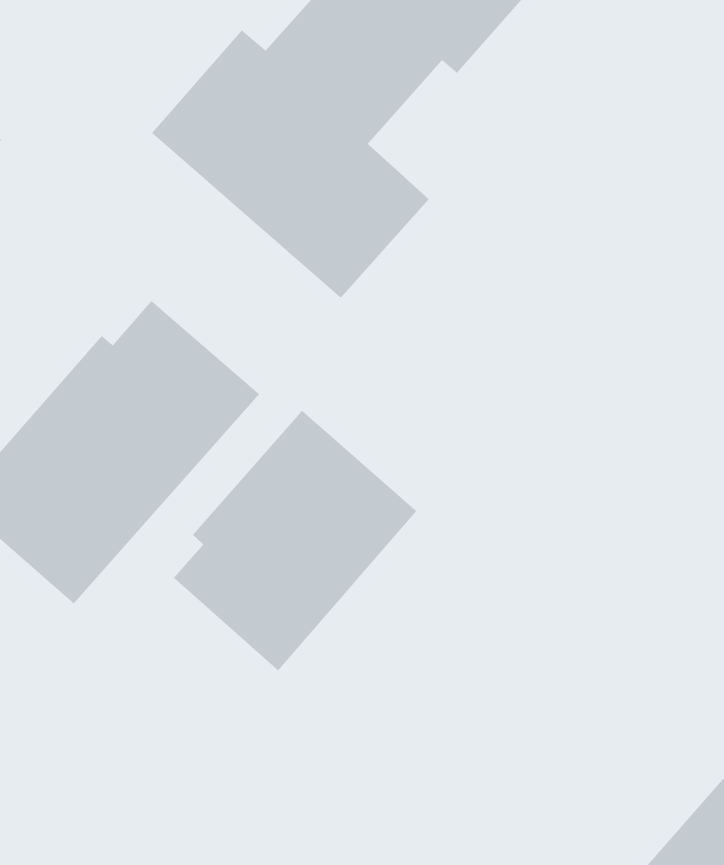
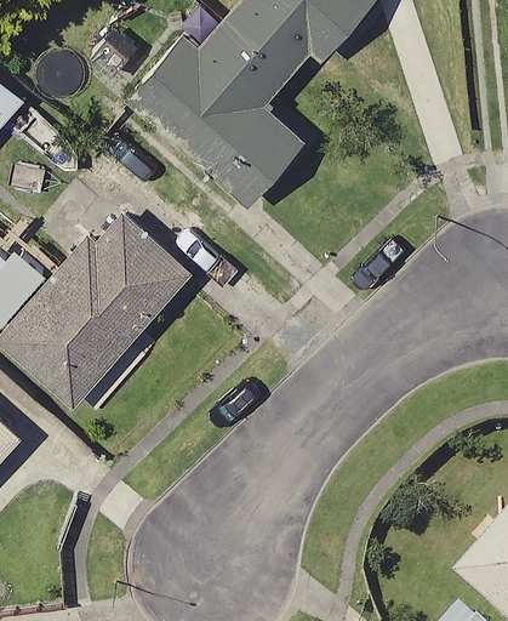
building: [173,410,417,671] -> none

